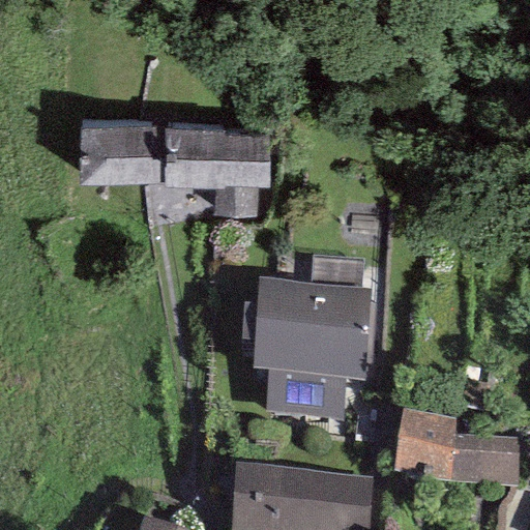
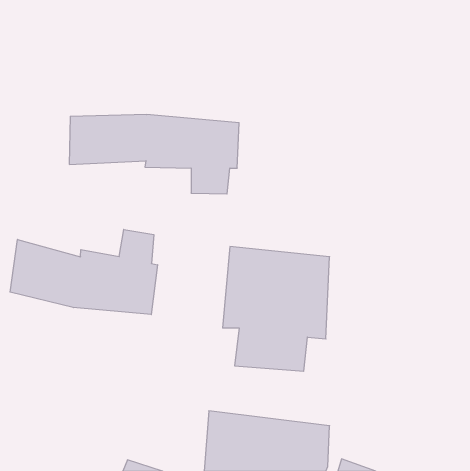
building: none -> [10,229,158,315]
building: [394,408,518,487] -> none

